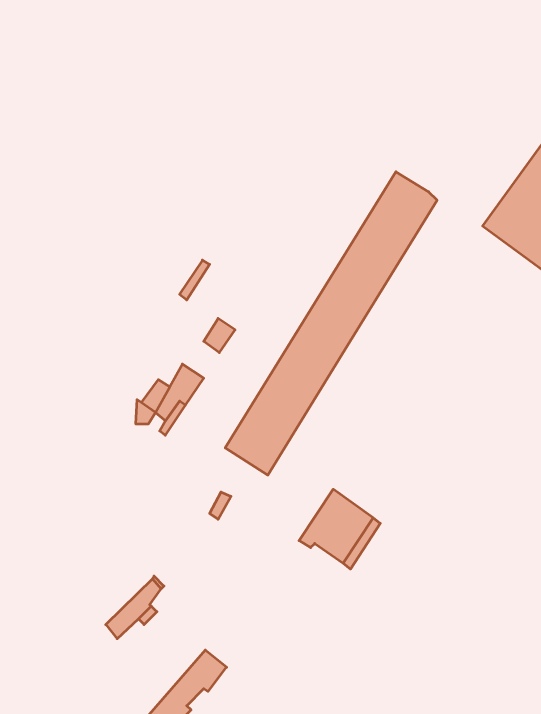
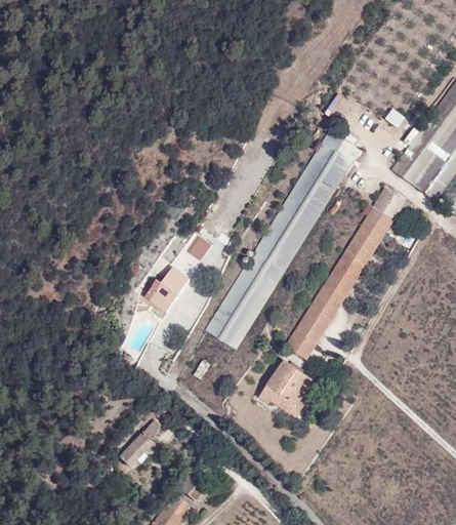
building: none -> [285,188,405,359]

